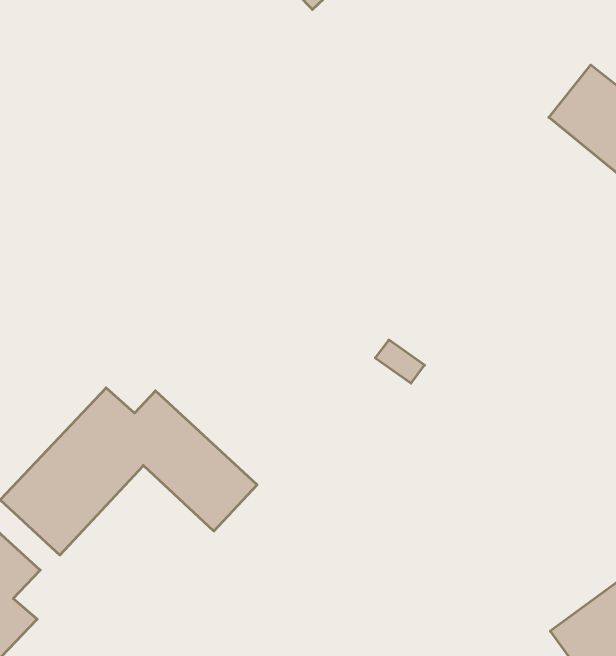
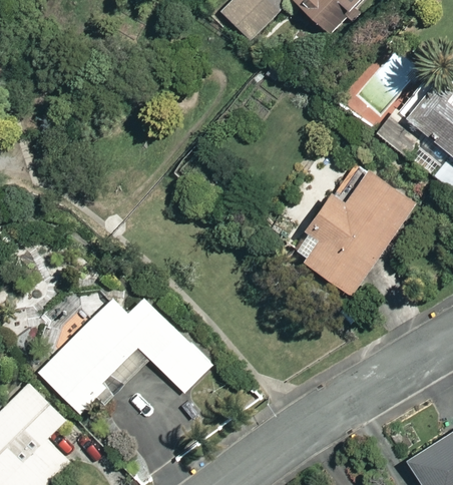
building: none -> [300,166,417,296]

